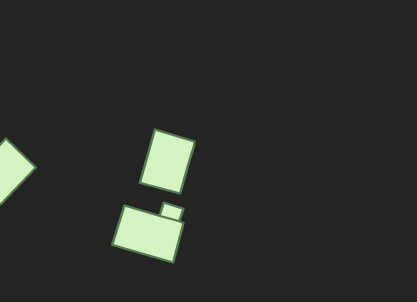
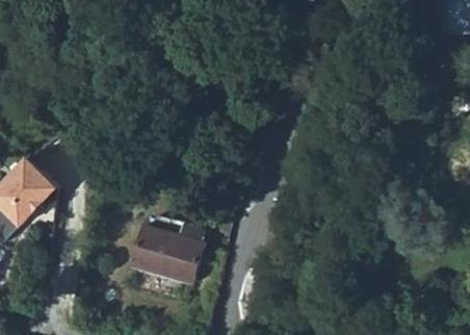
building: [140,130,194,194] -> none

